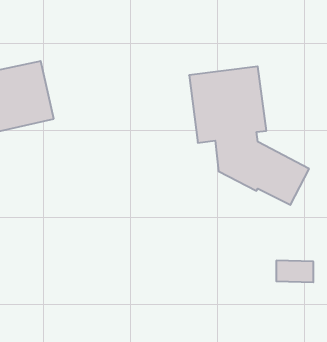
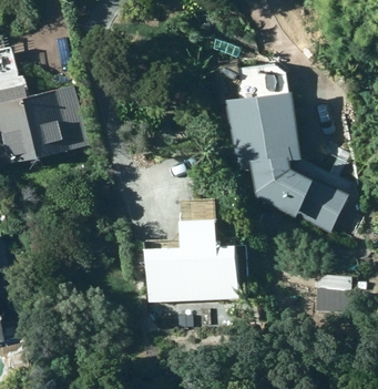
building: none -> [147,233,239,299]

